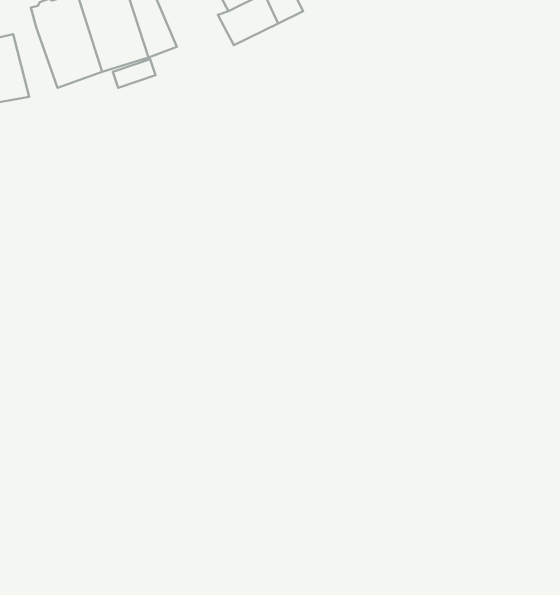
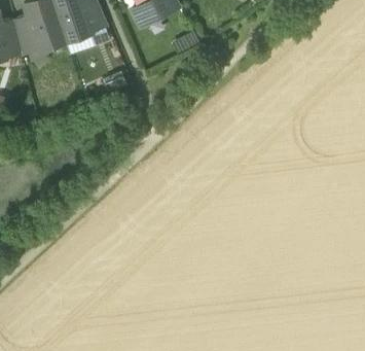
building: none -> [12,16,38,57]

